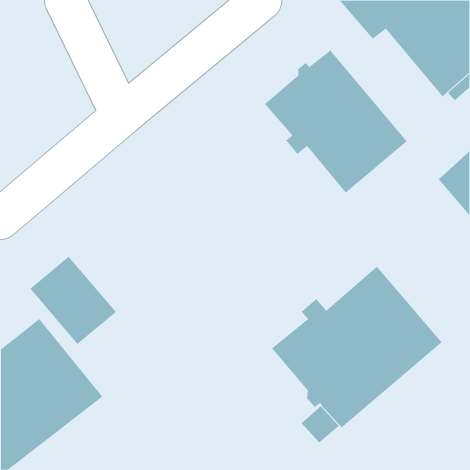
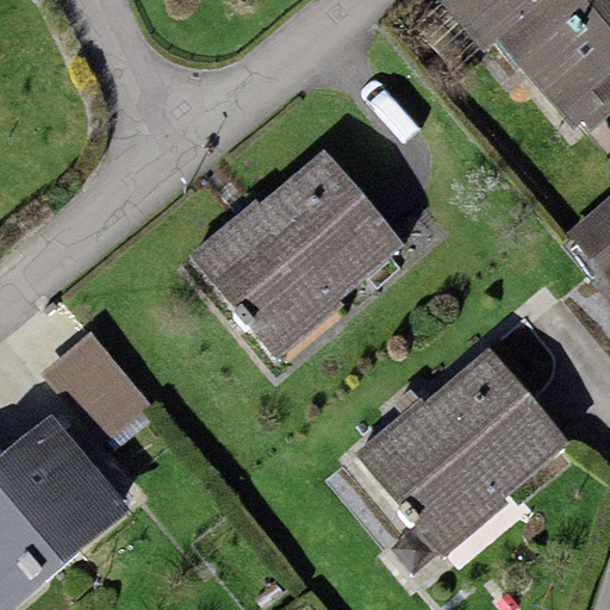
building: [264,49,408,193] -> none
building: none -> [189,149,405,354]

